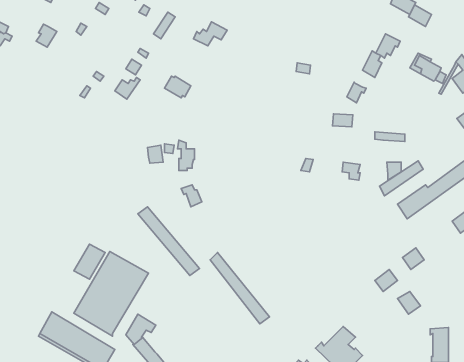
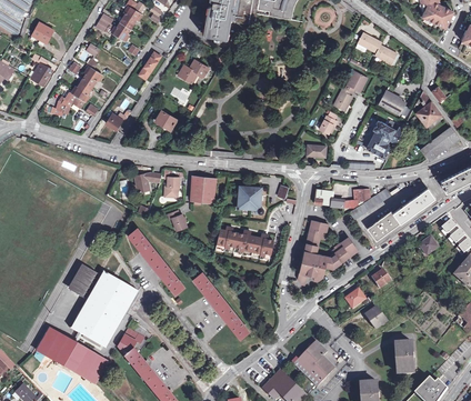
building: none -> [53,58,102,116]
building: none -> [367,121,402,159]
building: none -> [190,176,216,204]
building: none -> [237,186,263,213]
building: none -> [295,220,355,284]
building: none -> [214,229,272,259]

